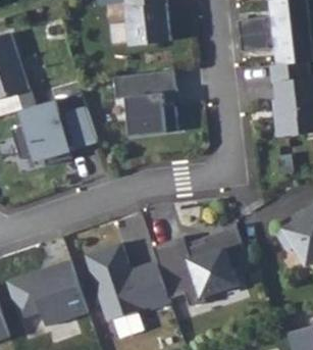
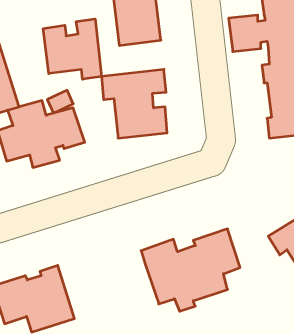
building: none -> [43,19,101,79]
building: [84,242,169,319] -> none

